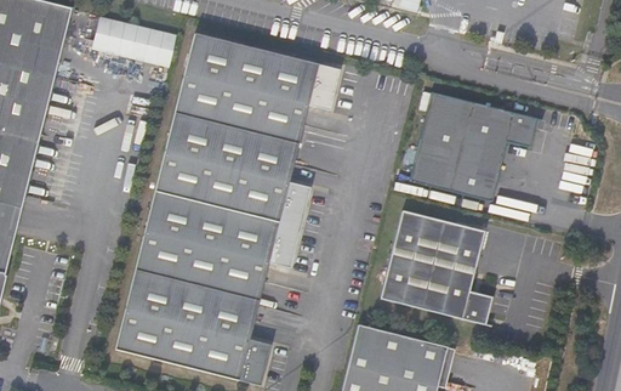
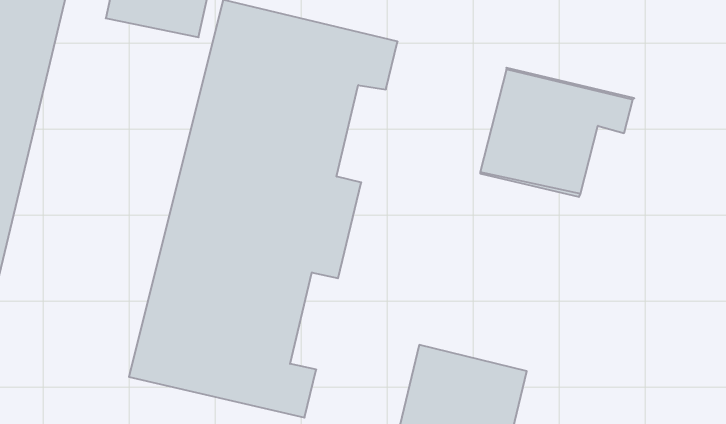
building: [378,211,490,324] -> none

